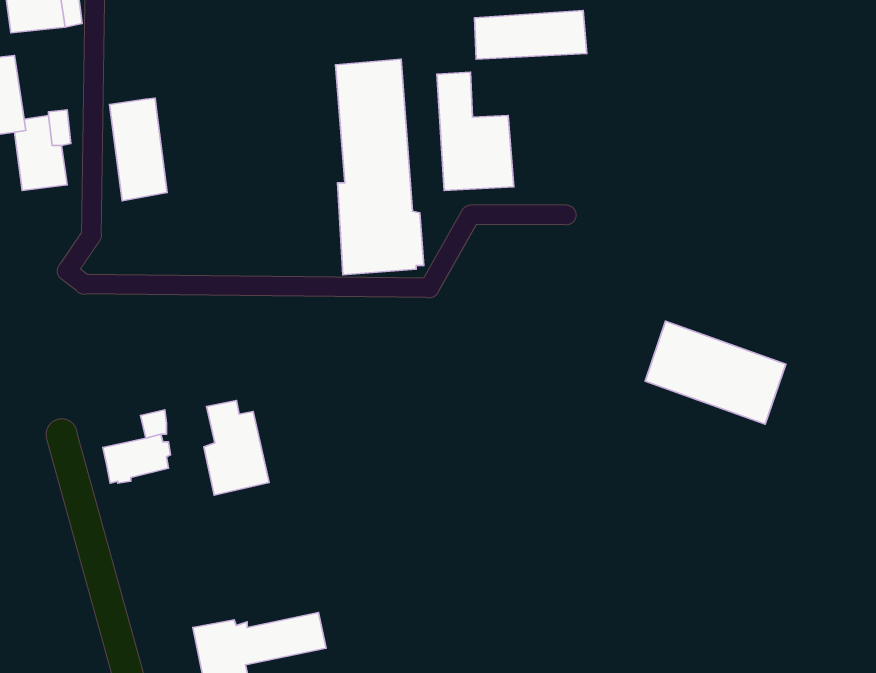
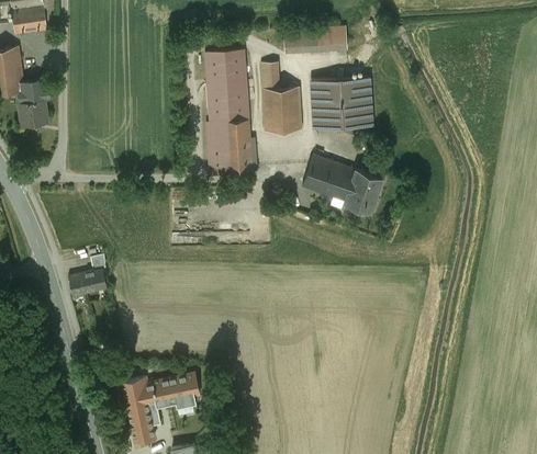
building: [110,98,167,201] -> none
building: none -> [312,77,371,129]
building: [645,321,786,424] -> [303,150,385,211]
building: [204,400,269,495] -> none

